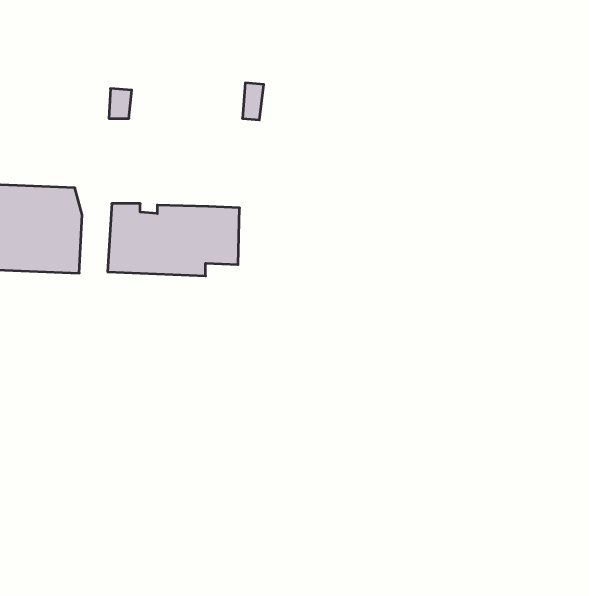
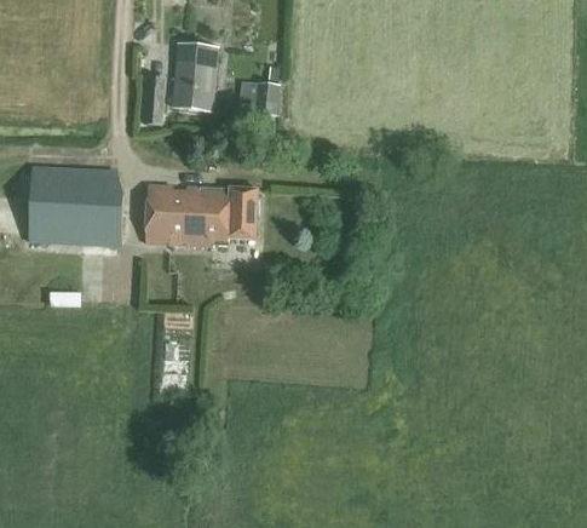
building: none -> [172,42,217,111]

